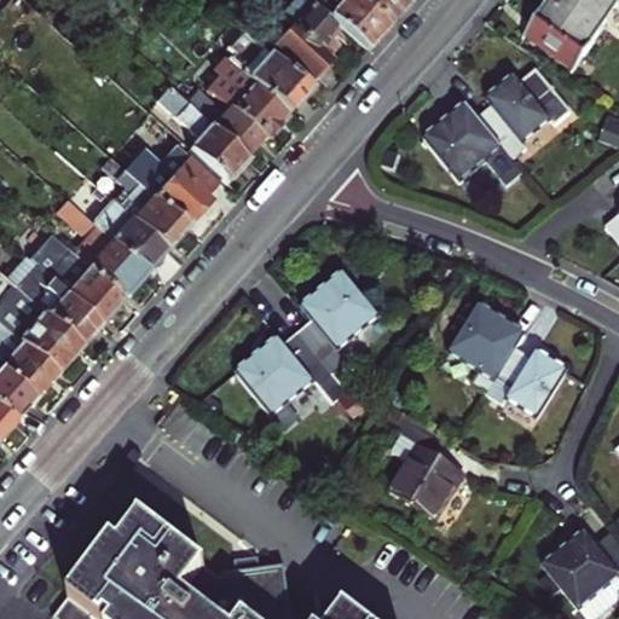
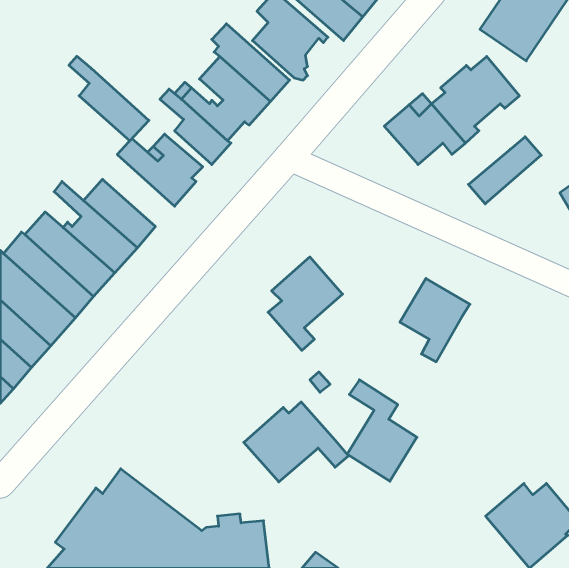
building: none -> [468,137,541,204]
building: [109,152,195,243] -> [69,56,149,141]
building: [233,335,346,421] -> [244,402,349,482]
building: [475,340,555,416] -> none

